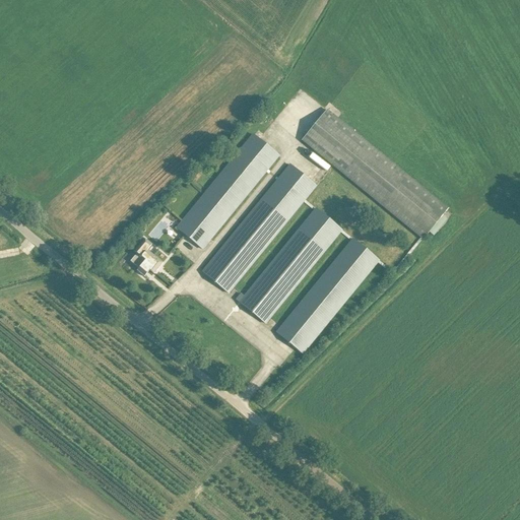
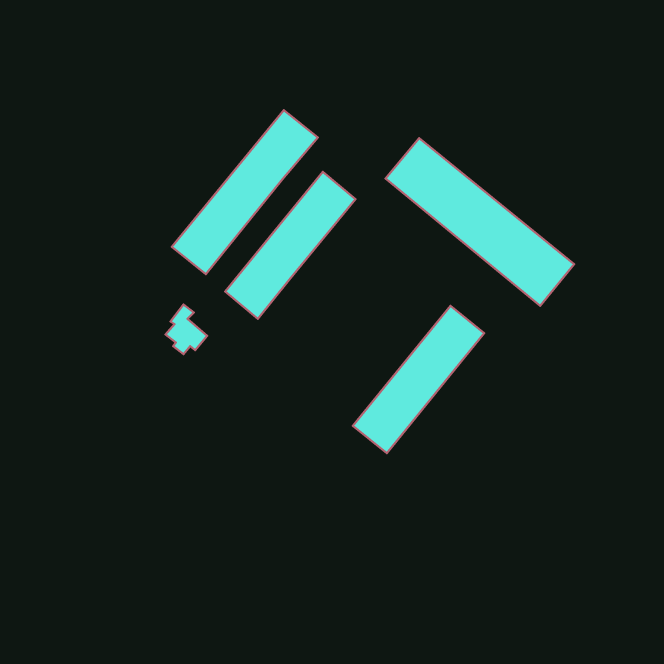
building: [201,165,315,292] -> [172,110,318,274]
building: [239,208,340,323] -> none

